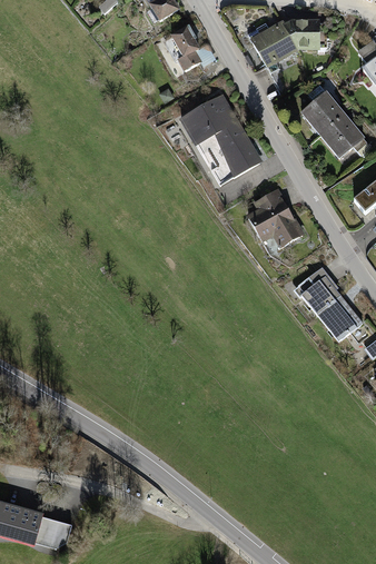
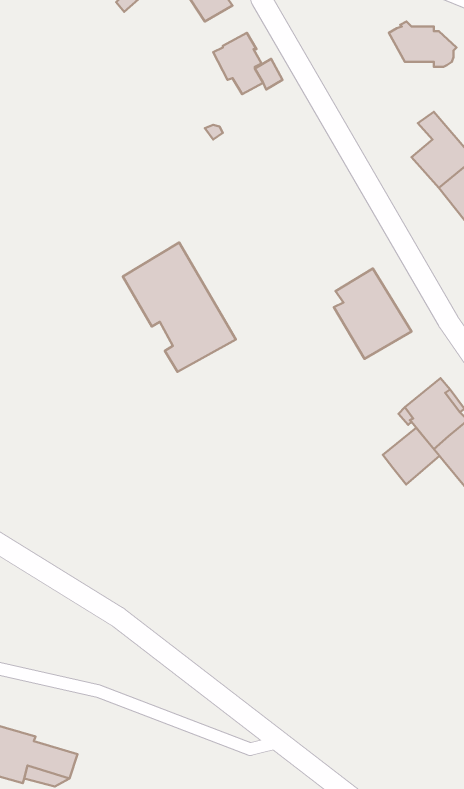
building: [247,23,297,73] -> none
building: [181,96,259,185] -> [123,243,236,372]
building: none -> [383,428,440,484]

